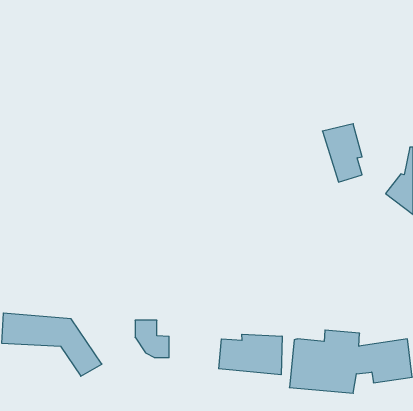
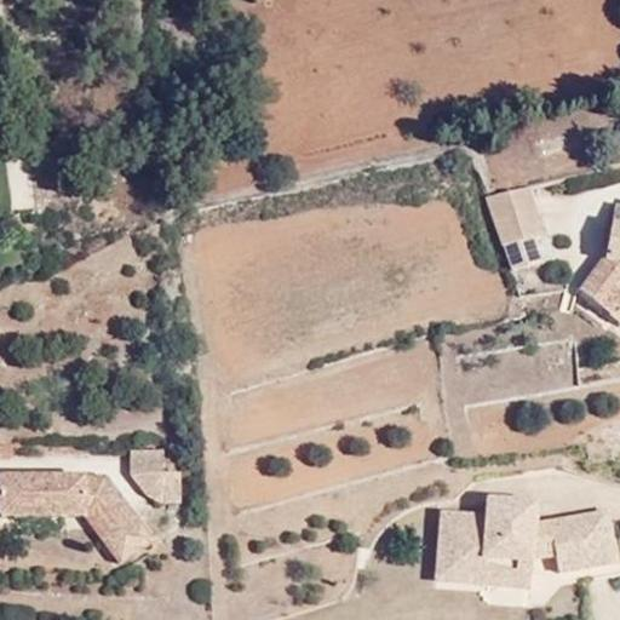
building: [135,320,169,358] -> [131,447,182,503]
building: [219,334,282,375] -> none

